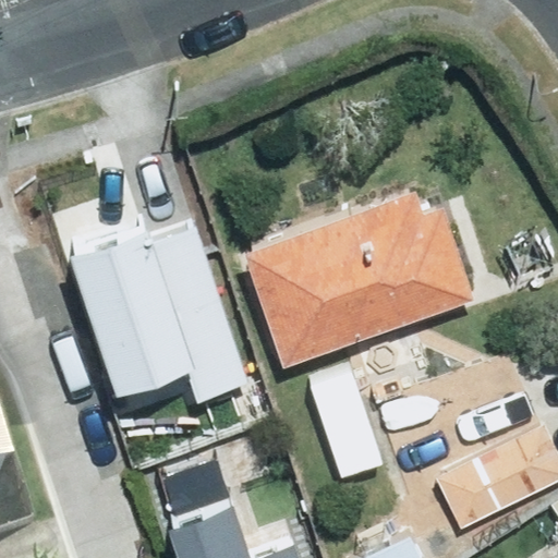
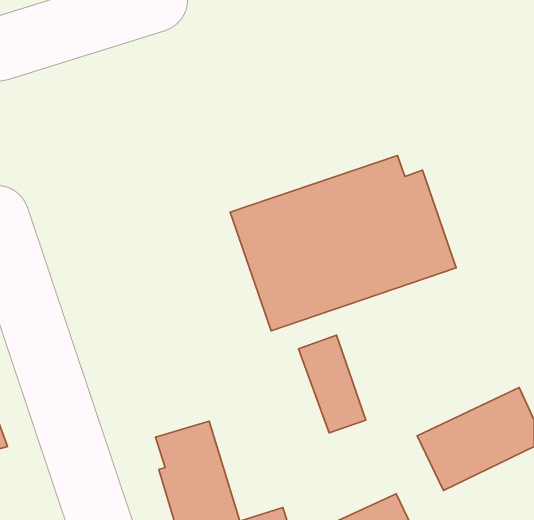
building: [65,205,247,395] -> none

